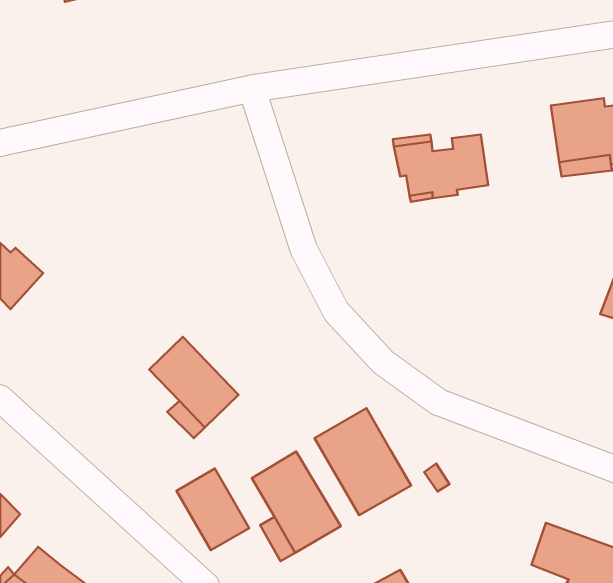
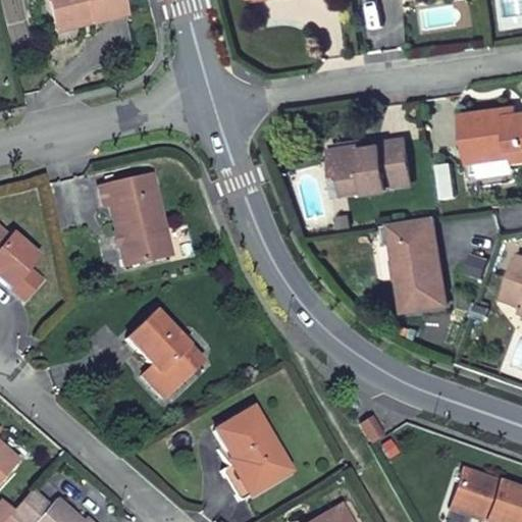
building: none -> [99,173,170,264]
building: none -> [394,217,451,311]
building: [315,408,411,515] -> none
building: [176,469,249,550] -> none

